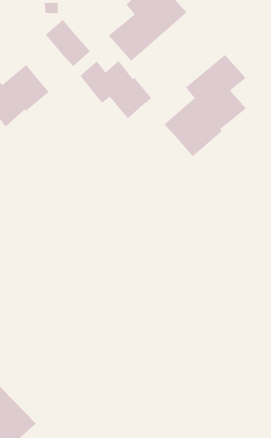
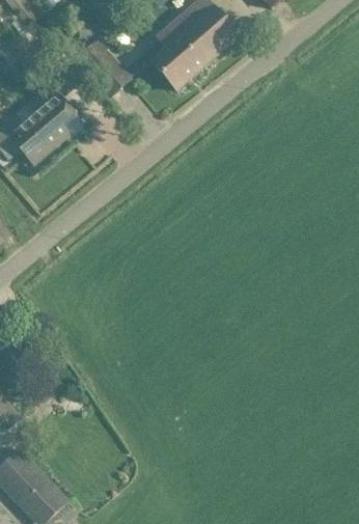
building: [164,54,247,157] -> none
building: [79,60,152,119] -> none

